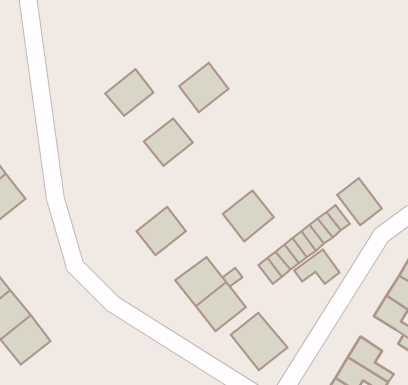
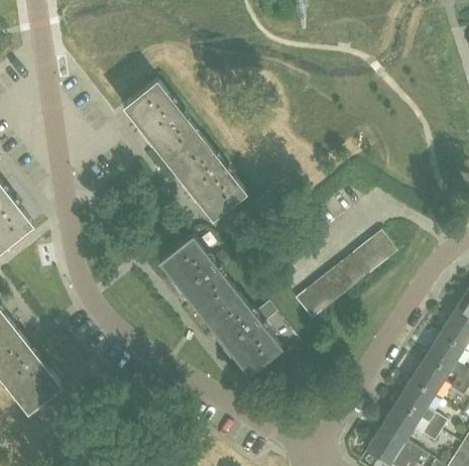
building: [179,63,229,112] -> [143,106,199,161]
building: [337,178,382,225] -> none
building: [223,190,274,241] -> [188,162,245,220]
building: none -> [179,262,236,318]
building: [294,250,339,284] -> none
building: [231,313,287,370] -> none
building: none -> [409,358,449,397]

